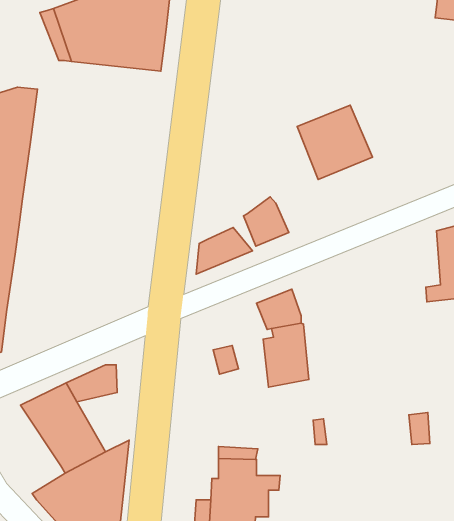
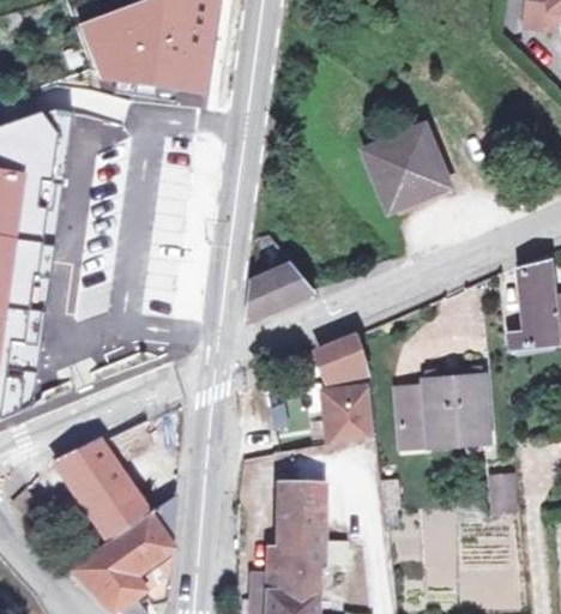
building: [244,197,289,246] -> none
building: none -> [396,374,487,445]
building: none -> [273,486,318,513]

